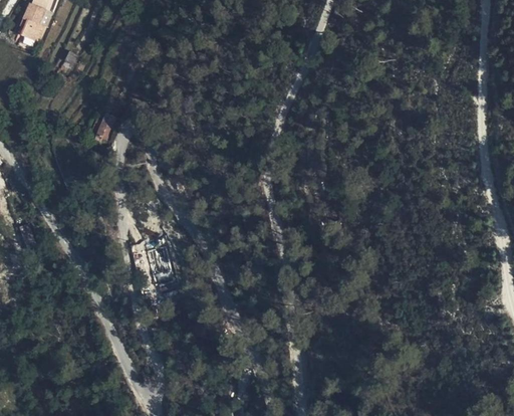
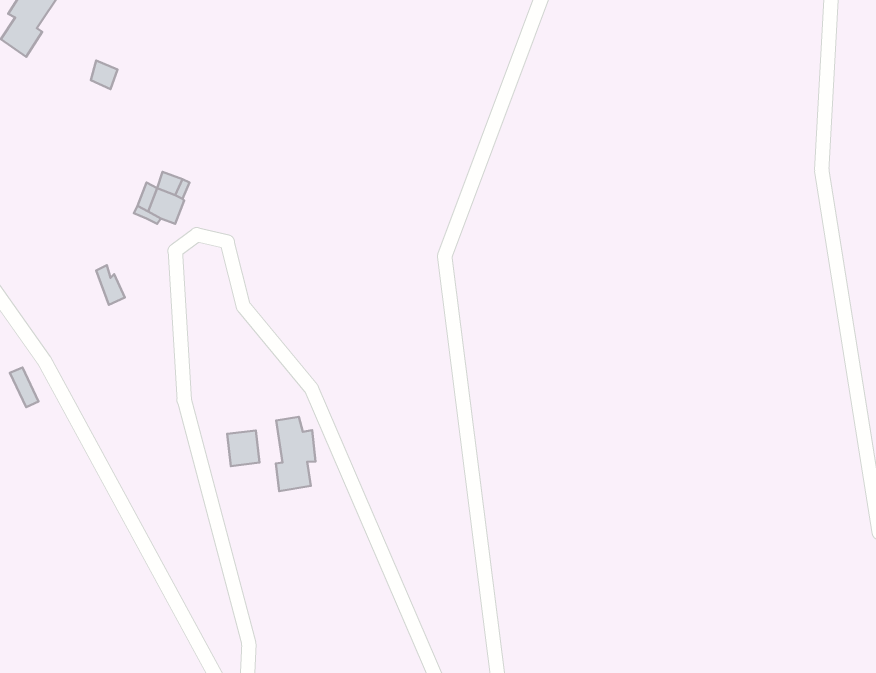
building: none -> [276,417,316,491]

